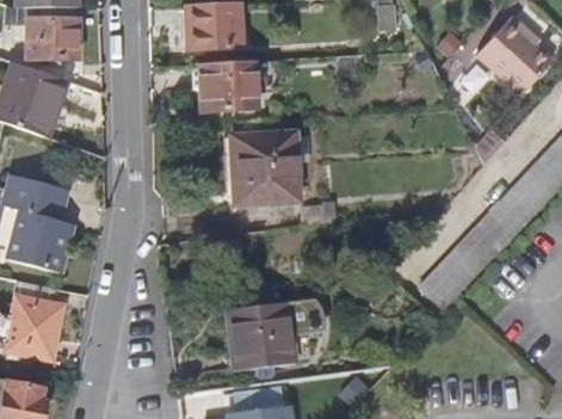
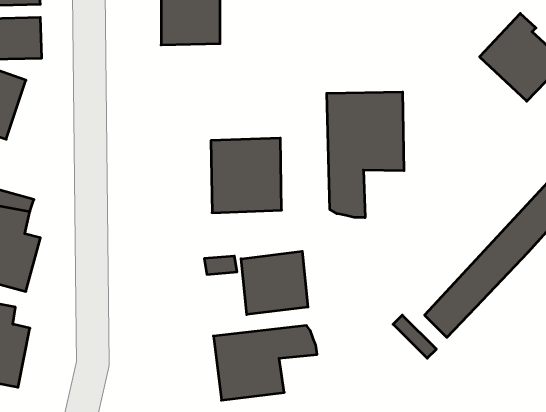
building: [197,58,255,105] -> none
building: none -> [327,92,404,218]
building: none -> [241,251,308,315]

